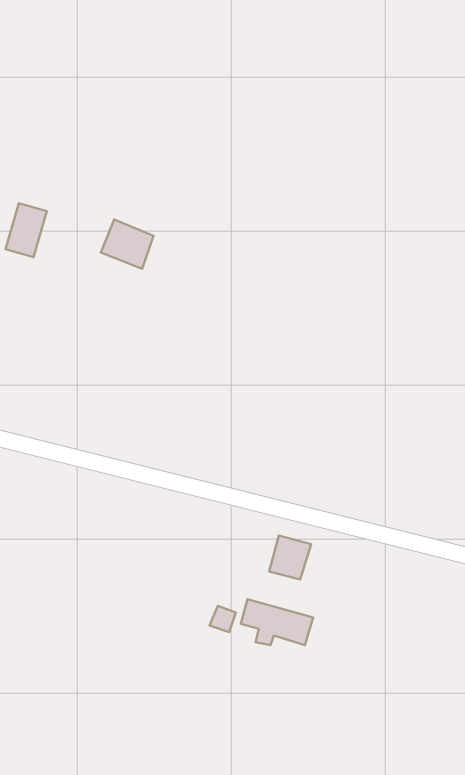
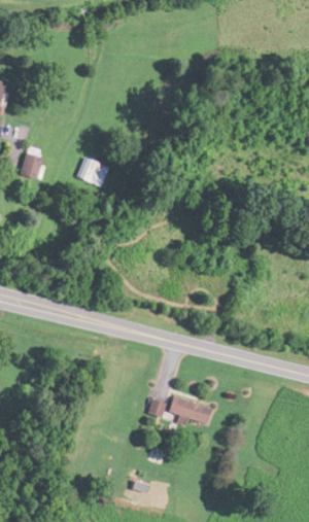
building: [269,535,311,579] -> none

